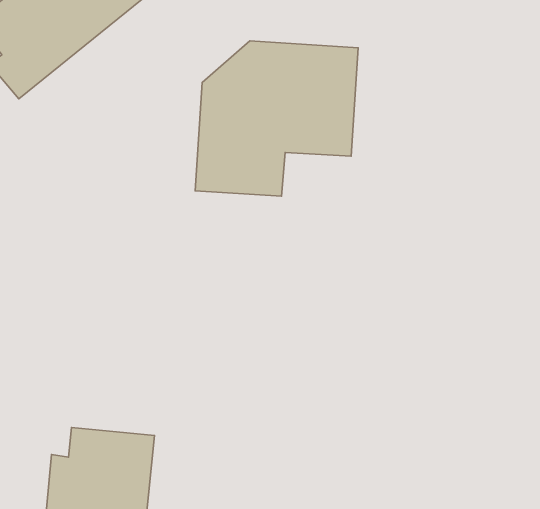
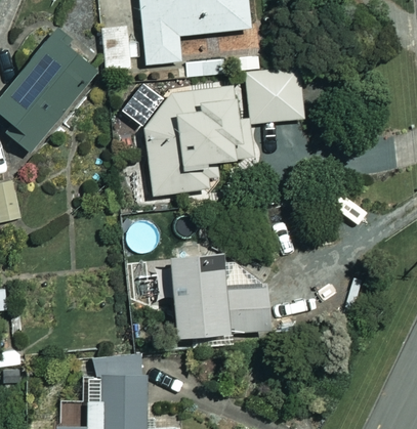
building: none -> [247,67,303,124]
building: none -> [169,249,265,334]

